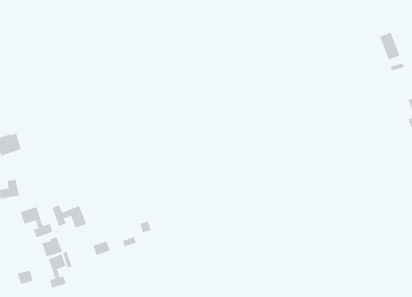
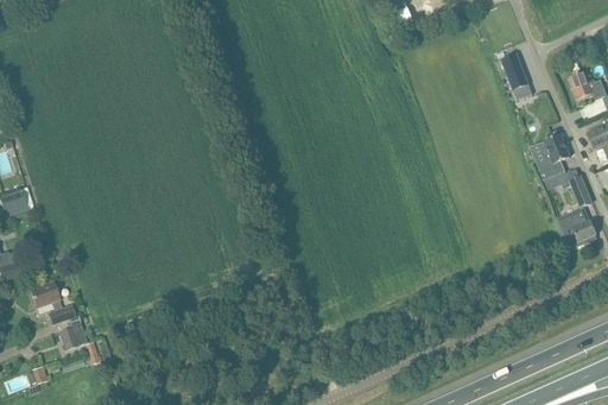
building: [52,205,87,228] -> none
building: [48,253,67,289] -> none

